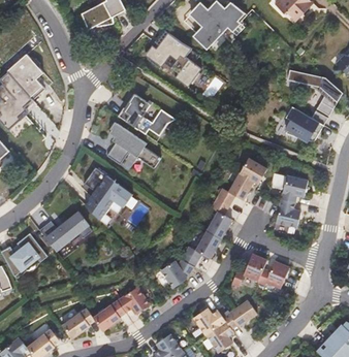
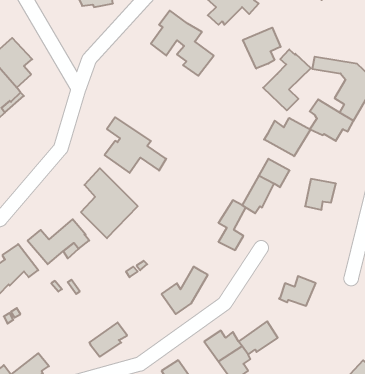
building: none -> [243,28,281,69]
building: none -> [263,49,311,110]
building: [118,92,173,134] -> none
building: none -> [264,118,310,156]
building: [276,199,300,227] -> none
building: [191,230,220,263] -> none
building: [232,252,267,284] -> none
building: [118,287,150,314] -> none
building: [62,307,94,338] -> none

